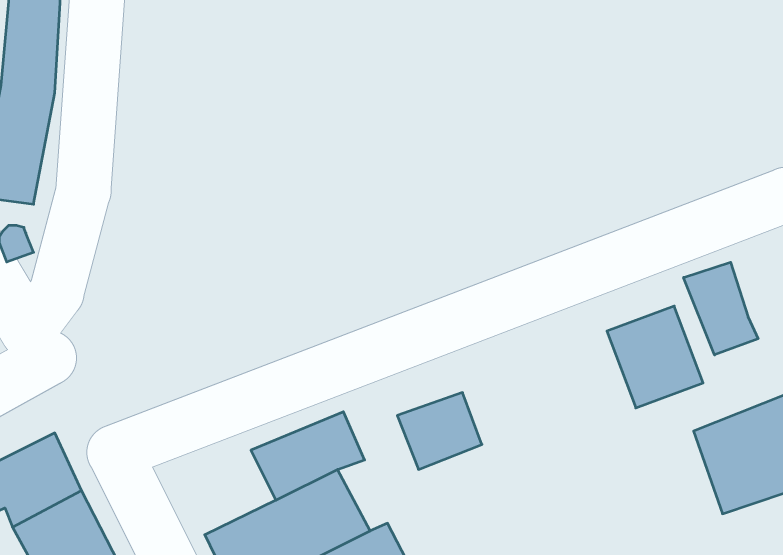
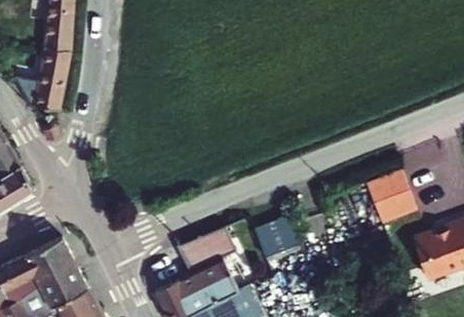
building: [684,262,758,355] -> none

